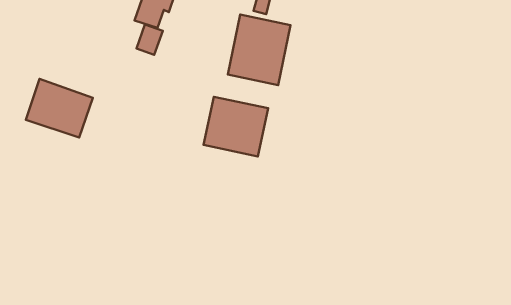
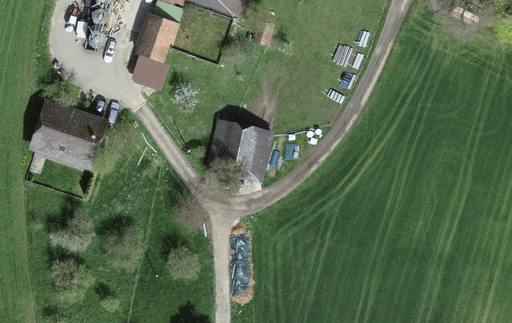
building: [228,15,291,85] -> none

